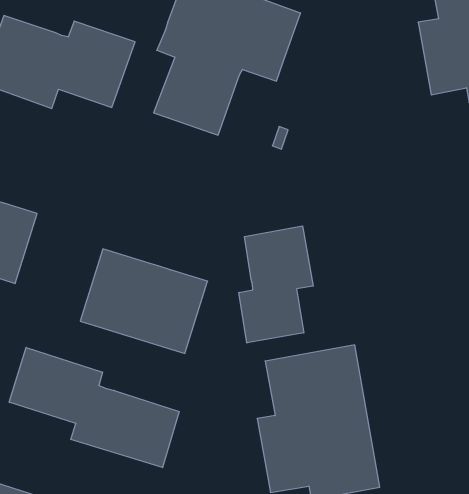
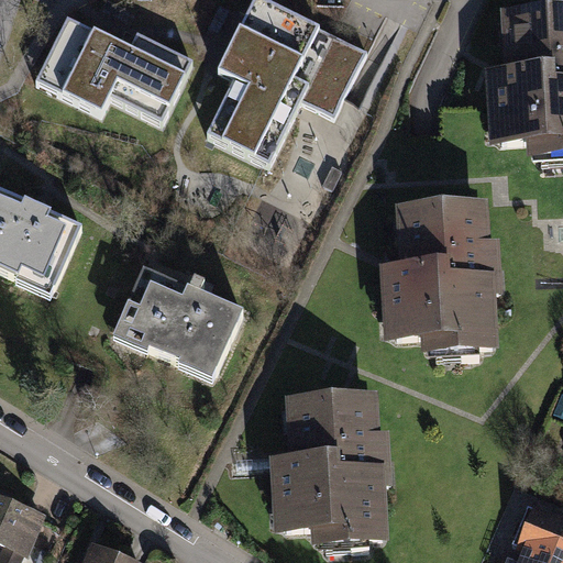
building: none -> [382,201,496,355]
building: [239,226,313,343] -> none
building: [9,347,179,468] -> none

